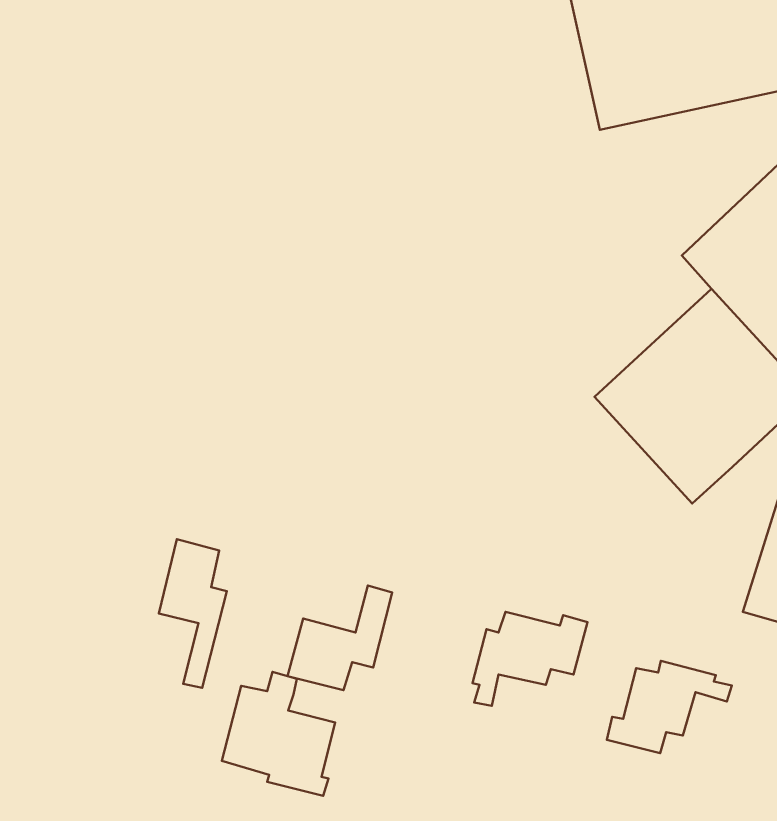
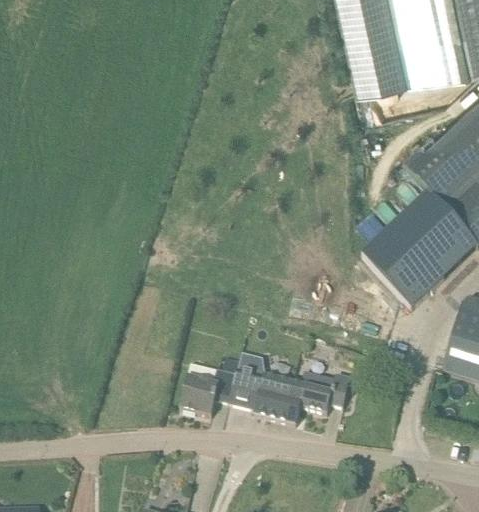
building: [159,539,227,688] -> none
building: [607,661,732,753] -> none
building: [222,672,335,796] -> [231,351,296,422]

